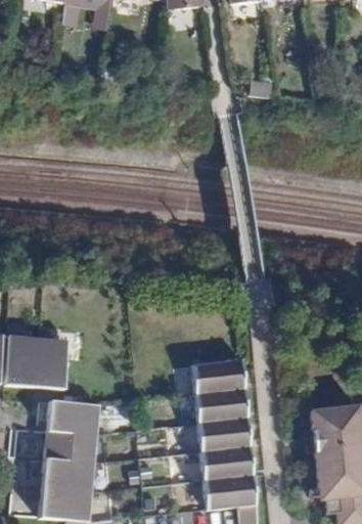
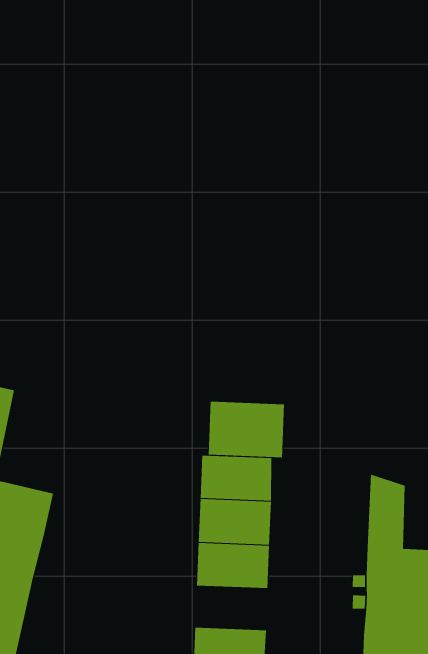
building: none -> [208,401,285,458]
building: [201,446,253,479] -> none

